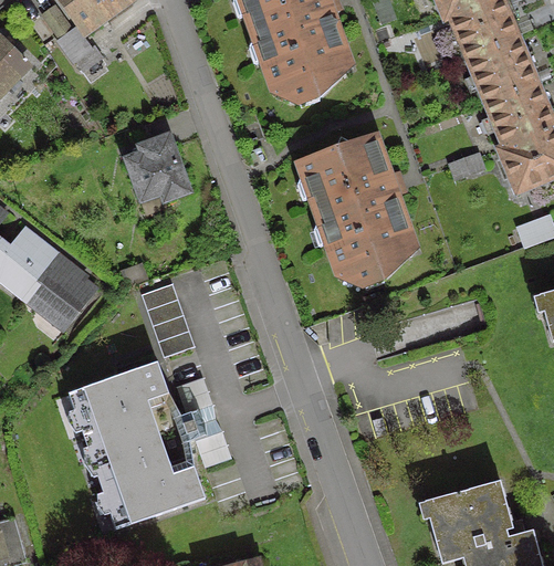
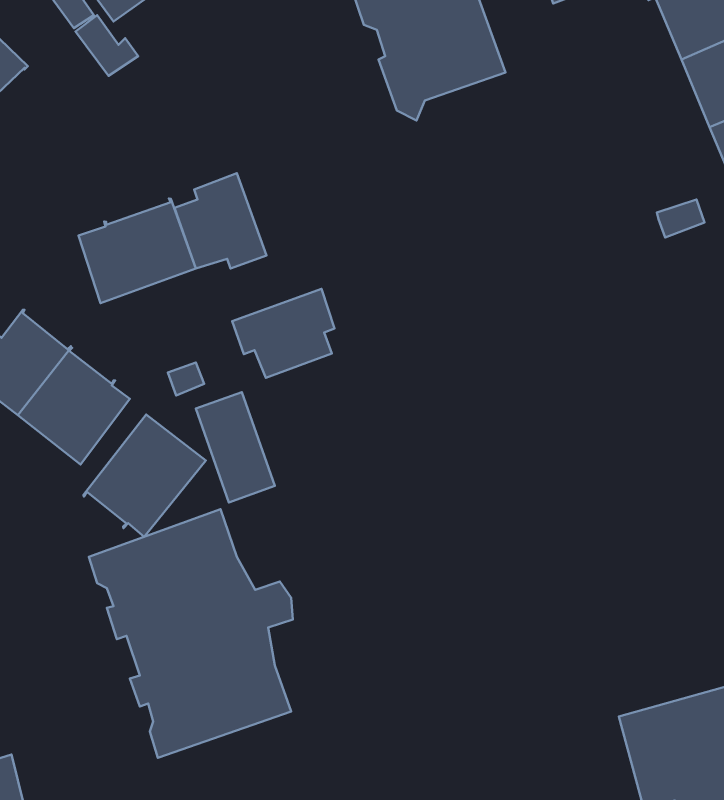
building: [300,136,414,282] -> none
building: none -> [78,199,196,303]
building: none -> [232,289,335,378]
building: none -> [83,415,206,537]

